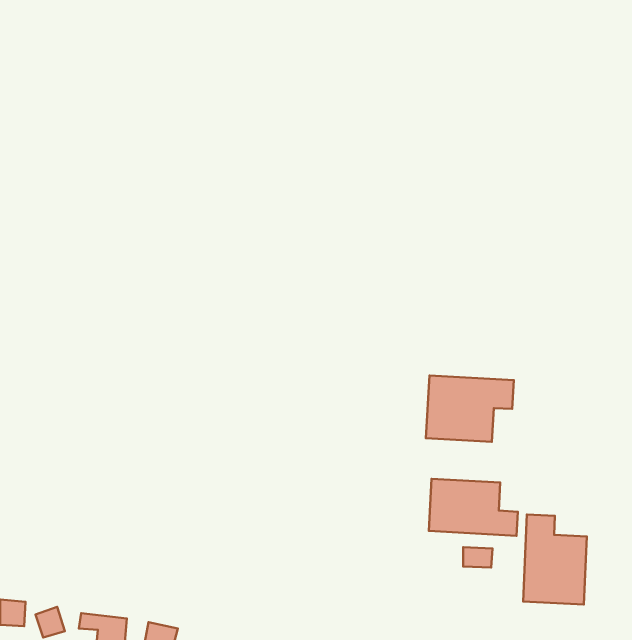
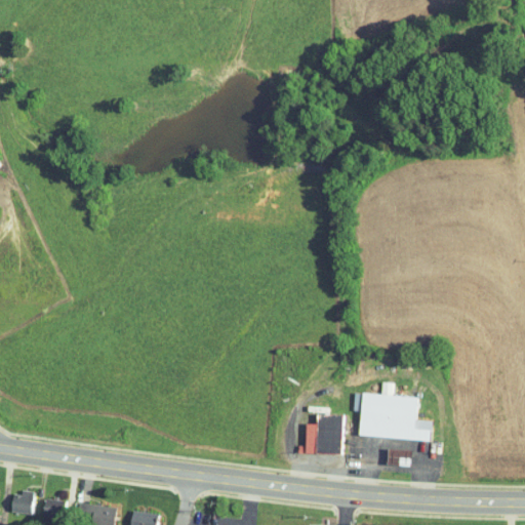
building: [426,376,514,442] -> none
building: none -> [305,413,342,453]
building: [523,514,587,605] -> none

